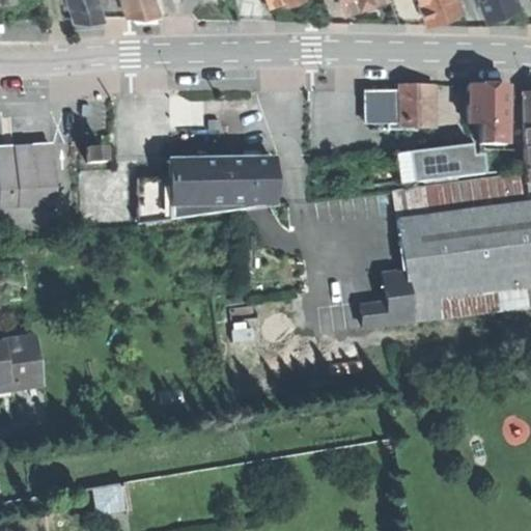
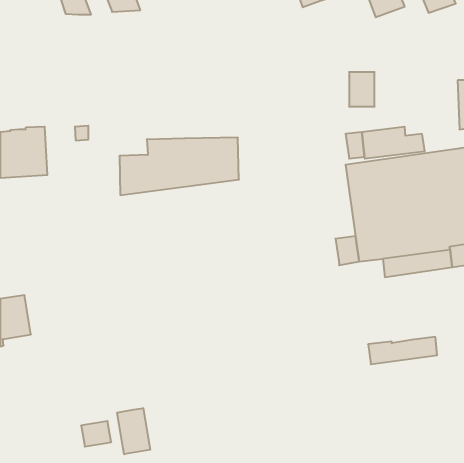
building: [469,83,506,141] -> none
building: [370,87,418,128] -> none
building: [361,295,440,326] -> [368,337,437,364]
building: none -> [117,408,150,454]

